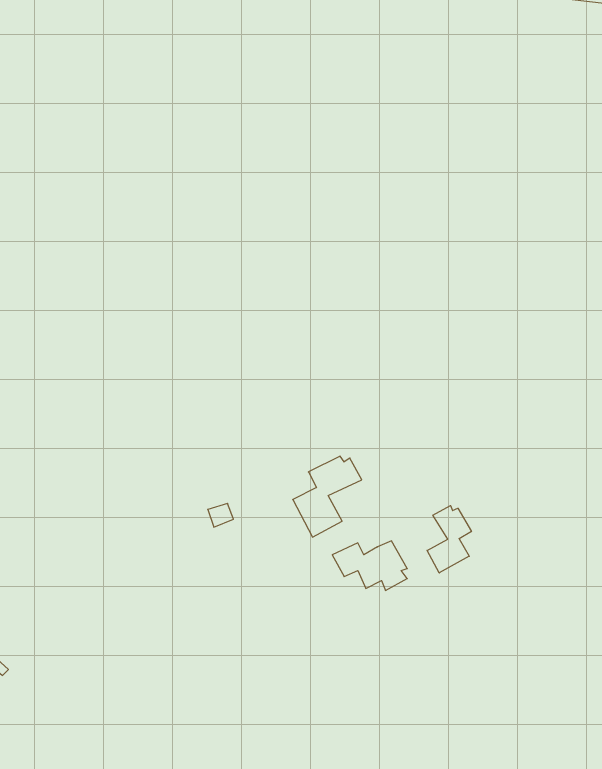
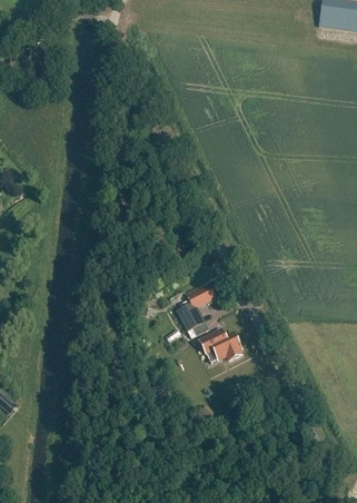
building: [427,506,471,573] -> none

